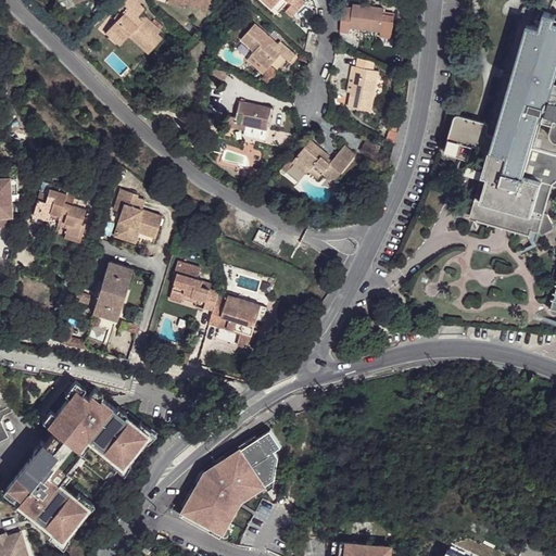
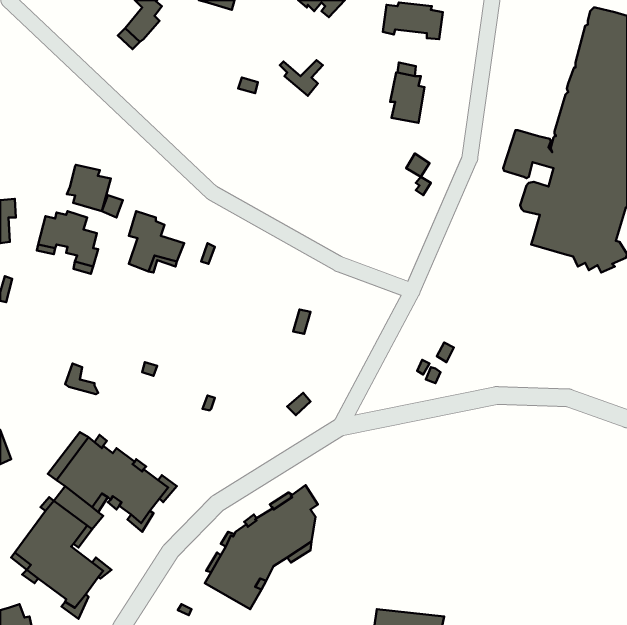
building: [127,15,161,53] -> none
building: [240,24,294,70] -> none
building: [235,102,273,130] -> none
building: [292,142,356,178] -> none
building: none -> [67,165,111,211]
building: [170,260,264,351] -> none
building: [71,262,131,321] -> none

